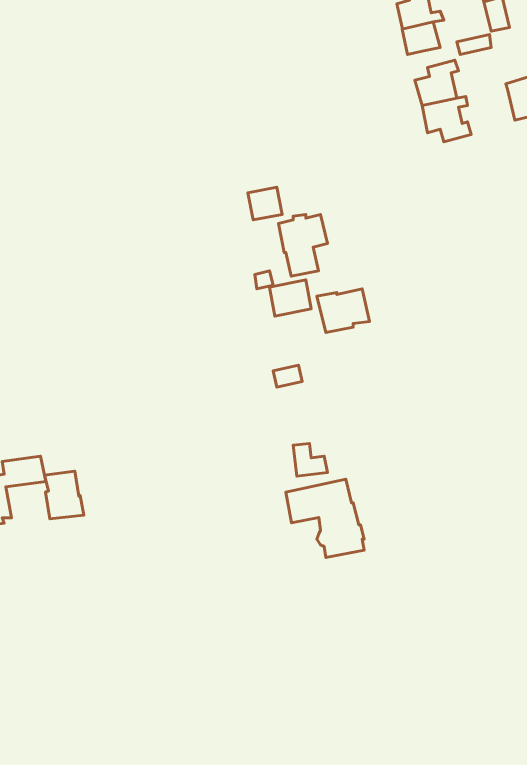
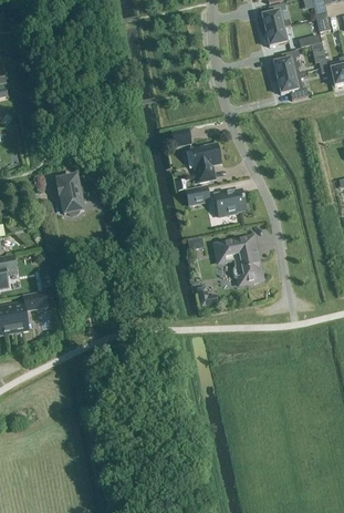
building: none -> [56,174,95,215]
building: [45,471,84,519] -> none
building: [286,479,364,557] -> [215,236,262,284]

